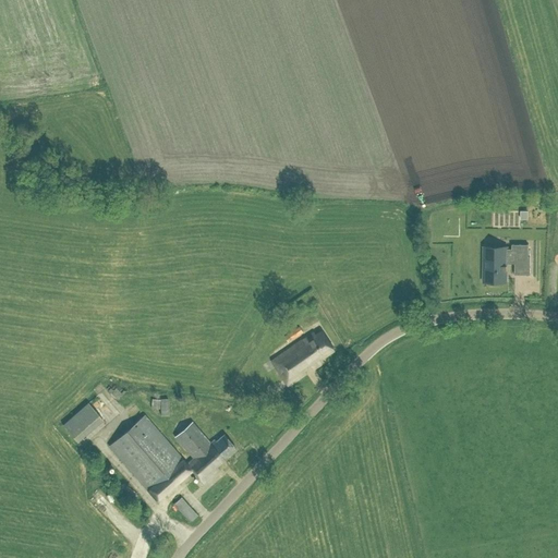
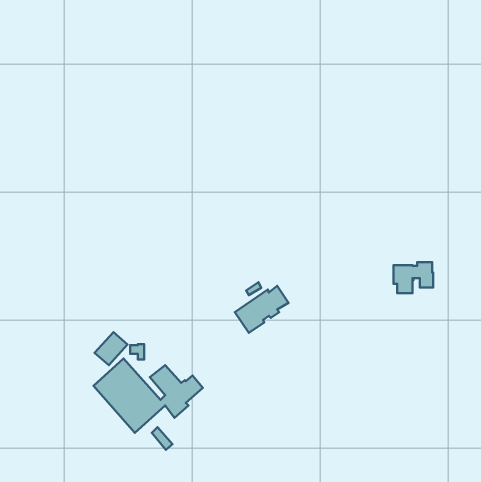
building: [483,244,529,280] -> [394,262,433,293]
building: [64,399,102,437] -> [95,332,128,365]

